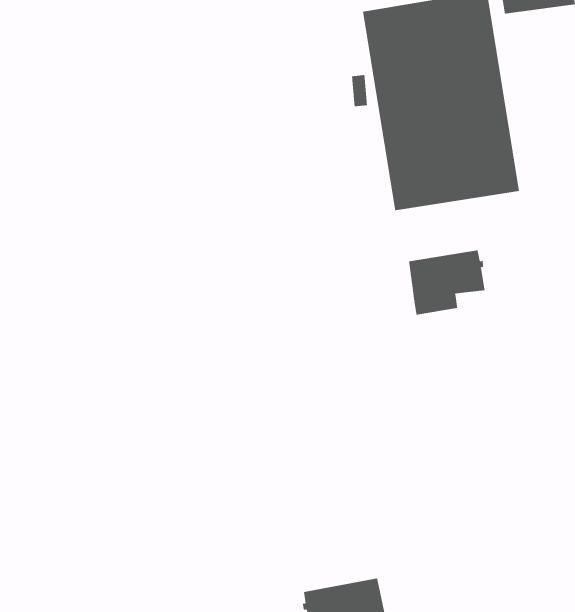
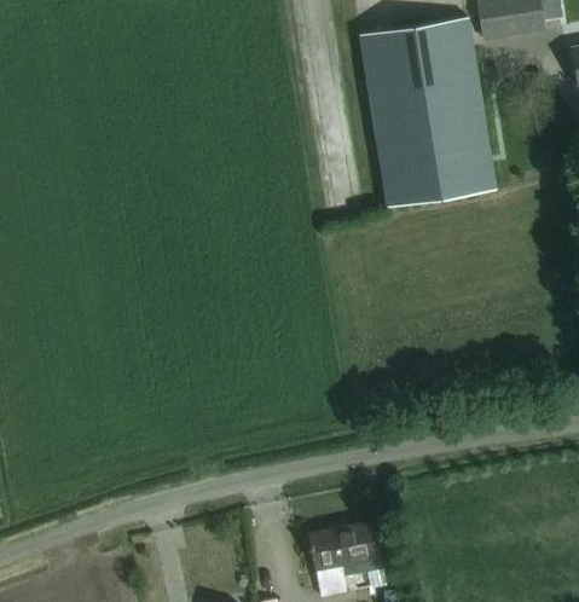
building: [408,250,485,315] -> none

